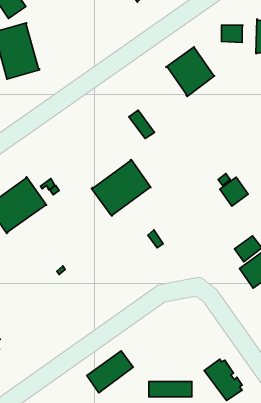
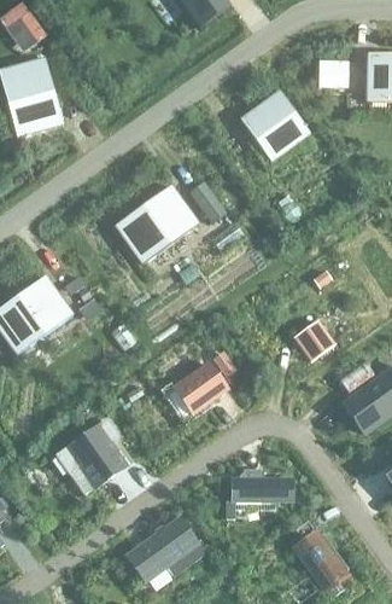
building: [92,159,151,216] -> [115,184,198,263]
building: [220,177,248,206] -> [294,319,334,360]
building: none -> [174,362,226,412]
building: none -> [55,418,127,484]
building: [149,381,192,397] -> [233,478,293,500]

